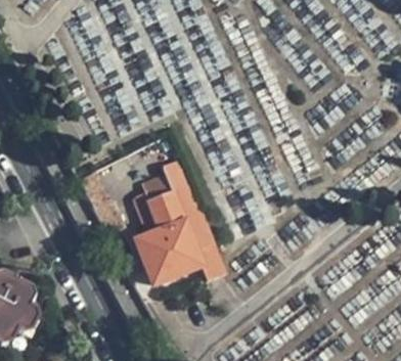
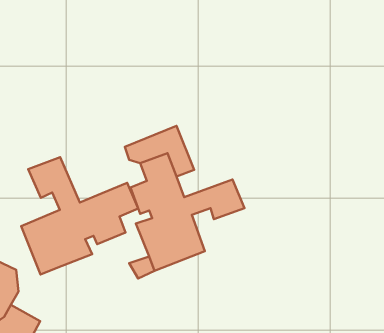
building: none -> [21,157,138,275]

